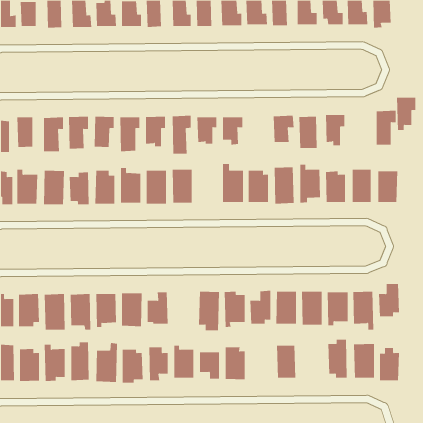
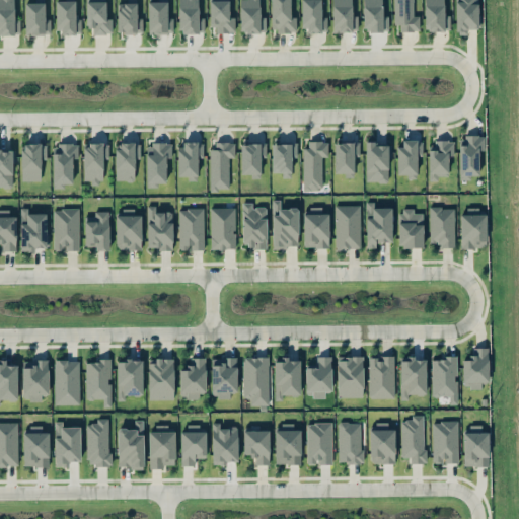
building: [396,97,416,130] -> [430,141,454,181]
building: none -> [304,142,328,190]
building: none -> [242,203,268,248]
building: none -> [212,358,238,398]
building: none -> [307,423,333,465]
building: none -> [370,424,396,464]

